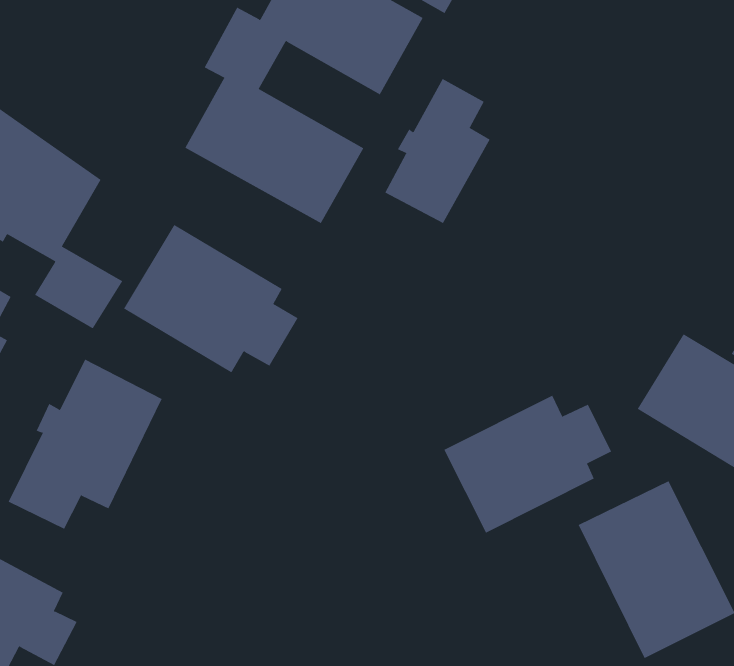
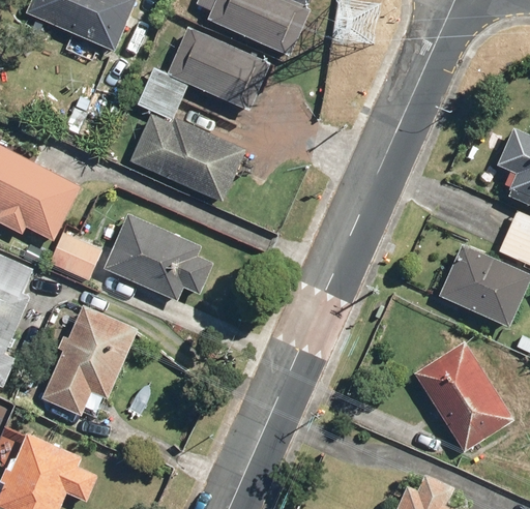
building: [384,78,491,224] -> none
building: [443,395,612,533] -> none

